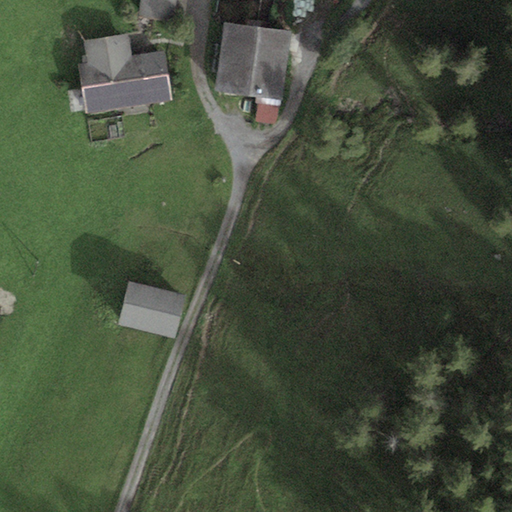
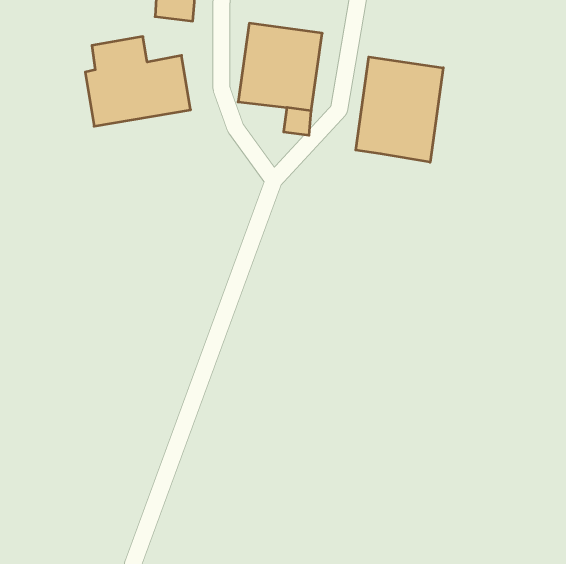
building: none -> [356,57,443,162]
building: [118,280,184,337] -> none

